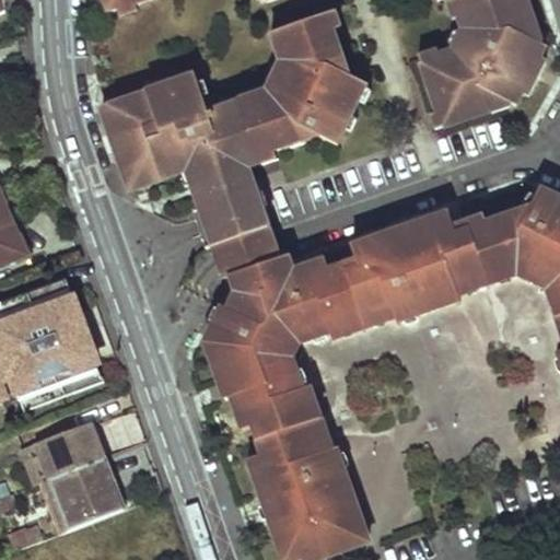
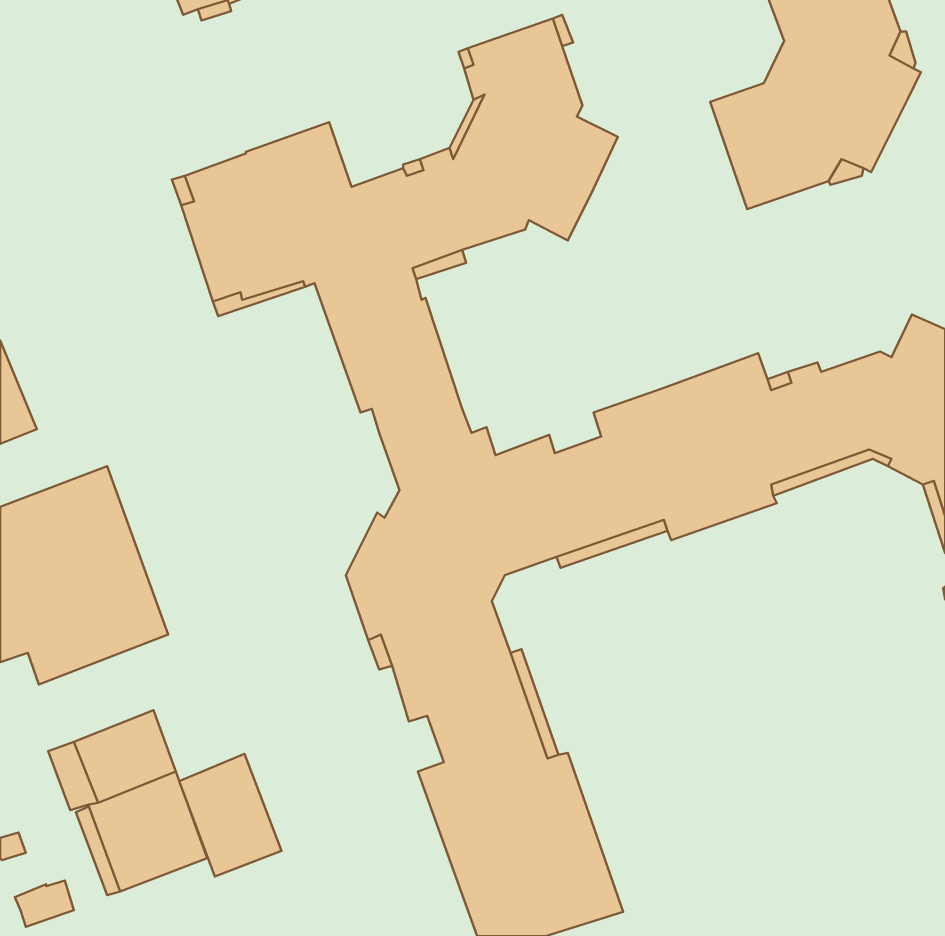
building: none -> [179,754,282,876]

